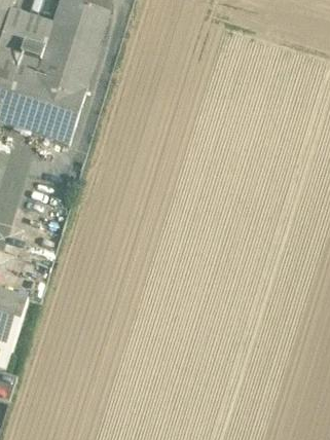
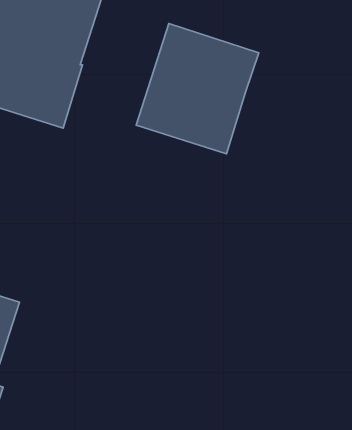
building: none -> [136,24,259,154]

